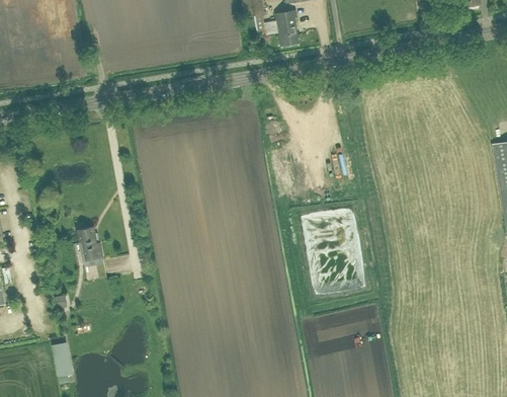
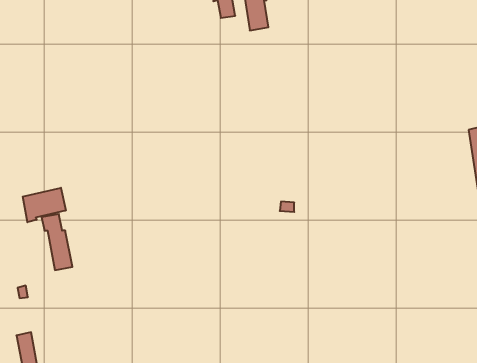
building: none -> [23,188,66,222]

